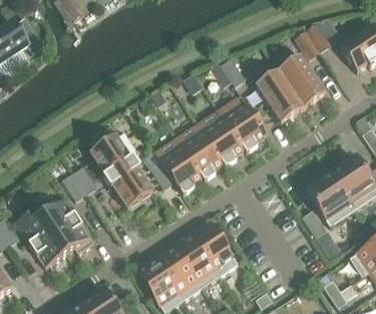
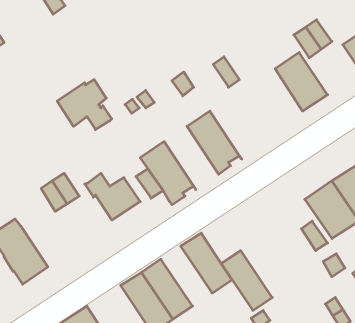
building: [255,69,303,123] -> none
building: [218,96,267,152] -> none
building: [175,122,226,181] -> none
building: [90,131,140,178] -> [57,80,112,130]
building: [43,199,94,254] -> none
building: [172,233,220,288] -> [221,251,272,310]

